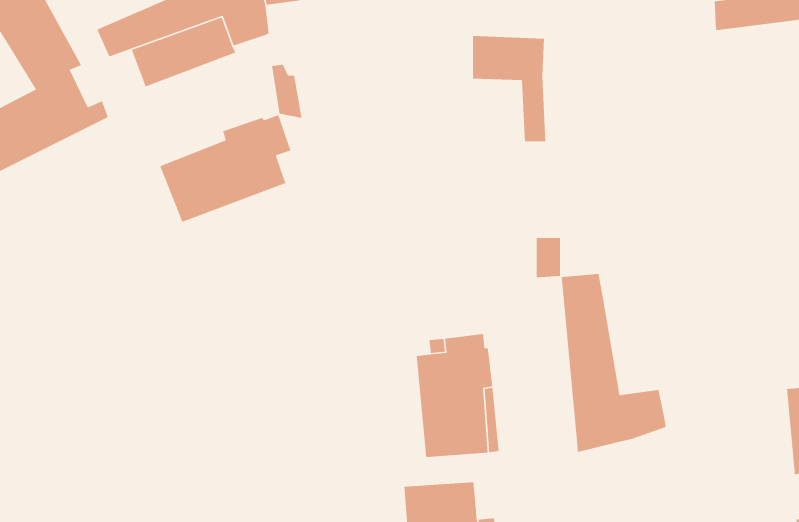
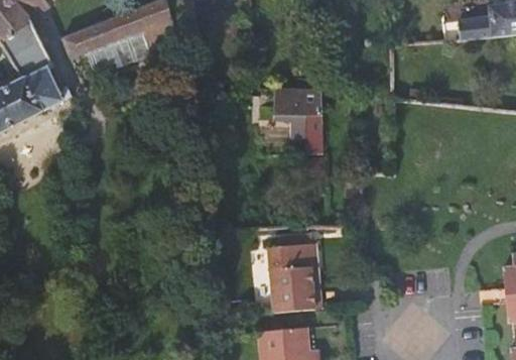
building: [472,35,546,142] -> [274,86,321,154]
building: [159,114,291,223] -> none
building: [561,273,666,453] -> none

